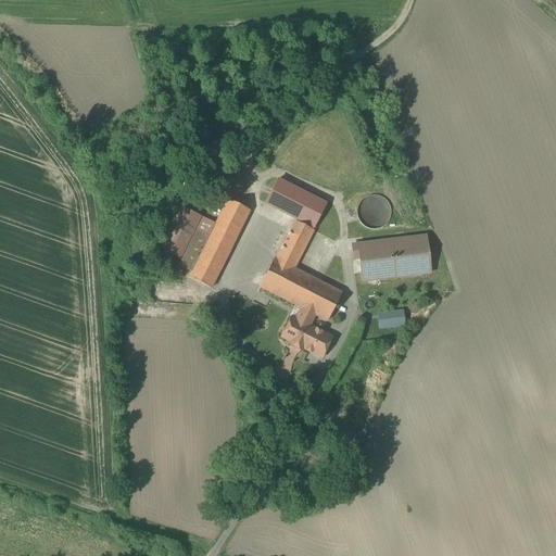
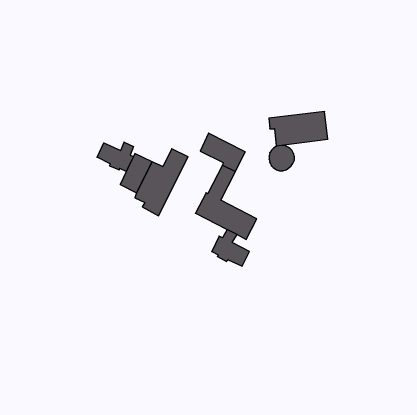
building: none -> [97,142,134,171]
building: [353,233,431,279] -> [269,112,328,146]
building: [376,308,404,325] -> none

